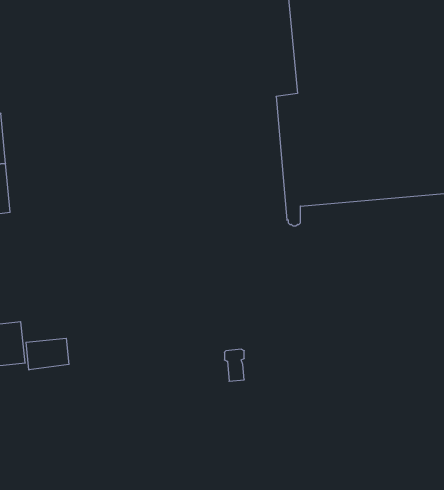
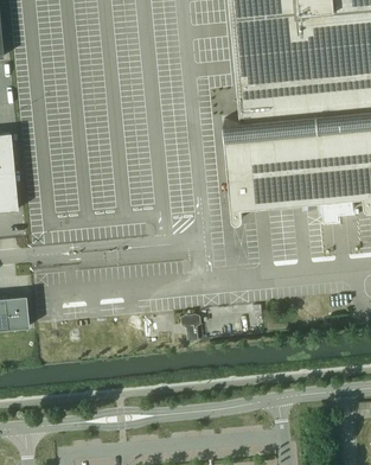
building: [26,338,69,370] -> none

